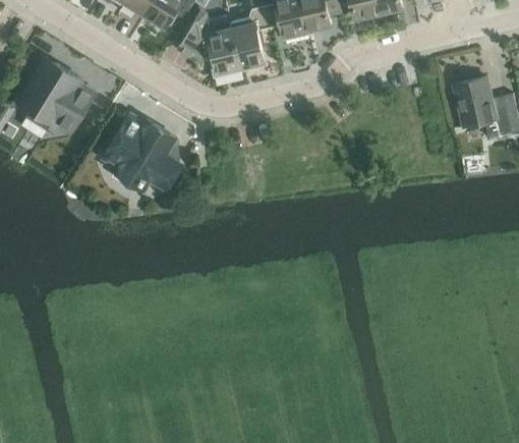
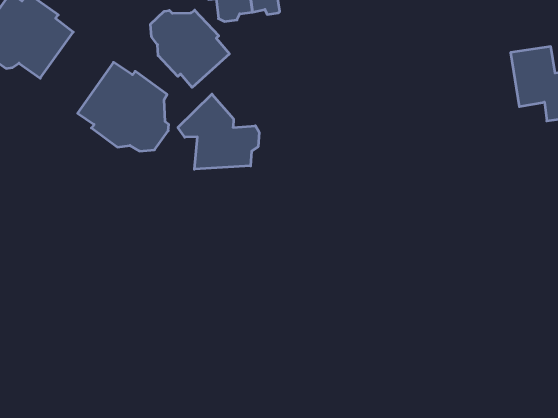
building: none -> [151,10,229,87]
building: none -> [178,94,259,169]

